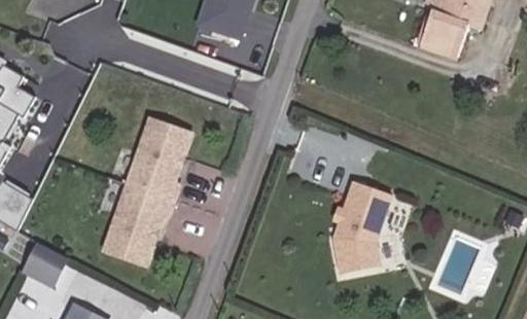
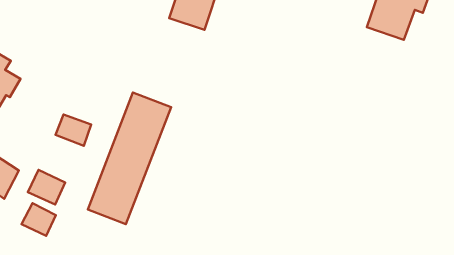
building: none -> [55,114,91,146]
building: [333,182,391,273] -> none
building: none -> [28,170,65,204]

